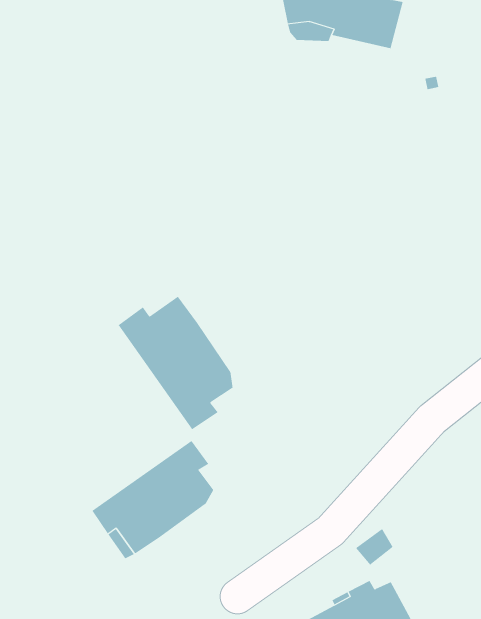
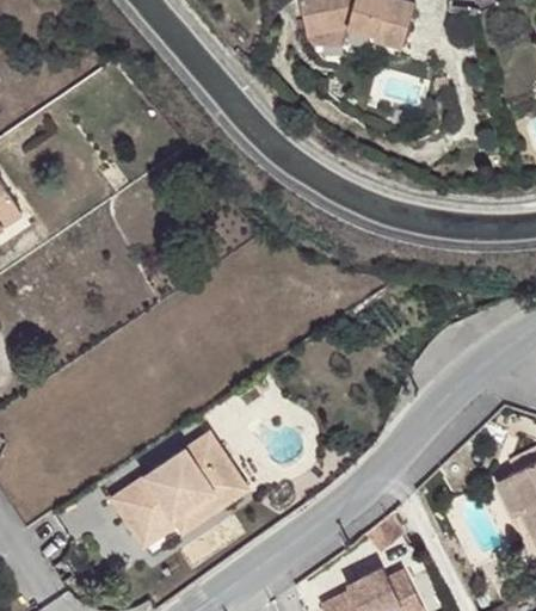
building: [118,296,233,430] -> none
building: none -> [180,450,251,530]

